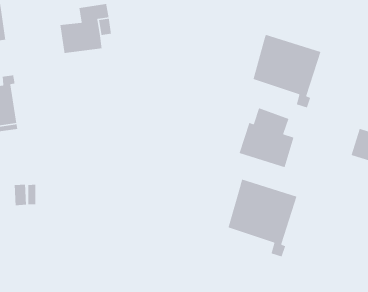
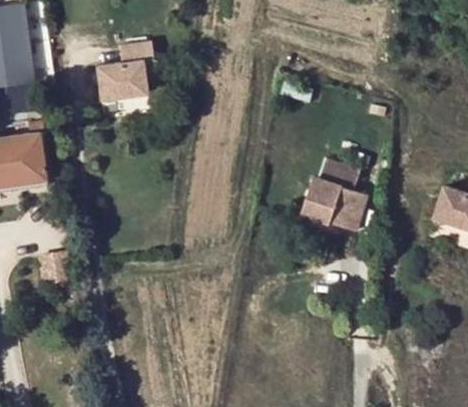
building: [252,34,322,108] -> none
building: [228,179,298,257] -> none

